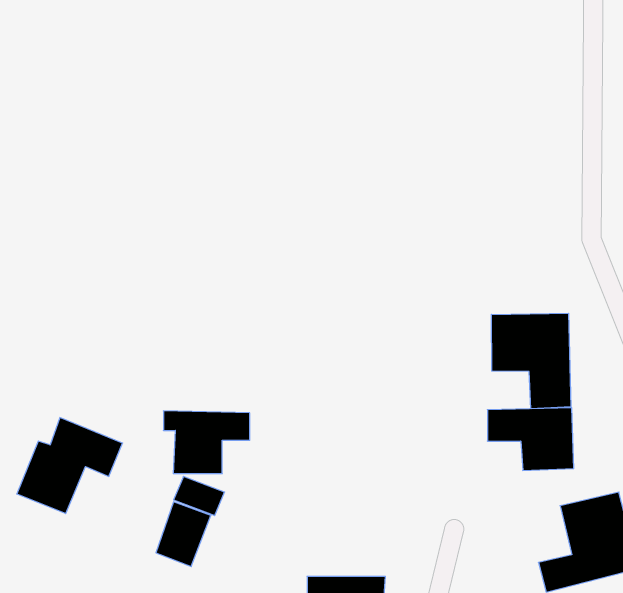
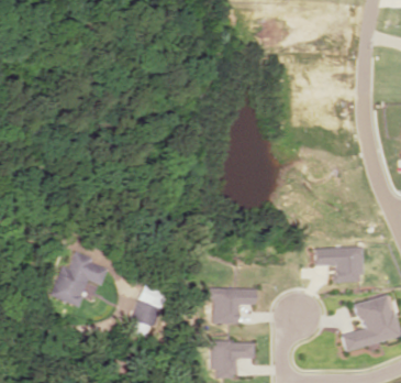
building: [491,313,571,409] -> none
building: [163,411,250,474] -> [207,287,255,322]

